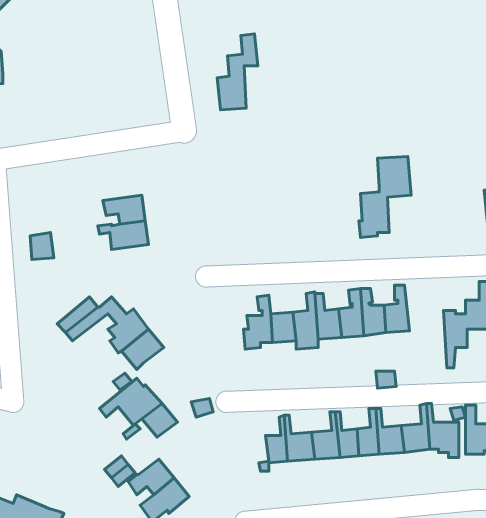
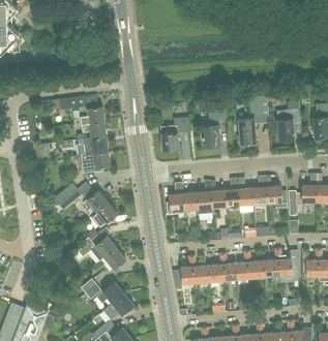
building: [217,34,258,110] -> [202,100,227,147]
building: none -> [58,96,105,124]
building: none -> [276,109,300,142]
building: none -> [160,118,189,152]
building: none -> [81,151,111,174]
building: none -> [265,176,287,210]

